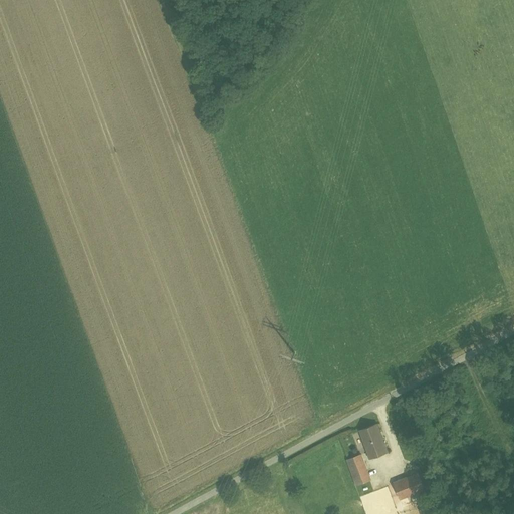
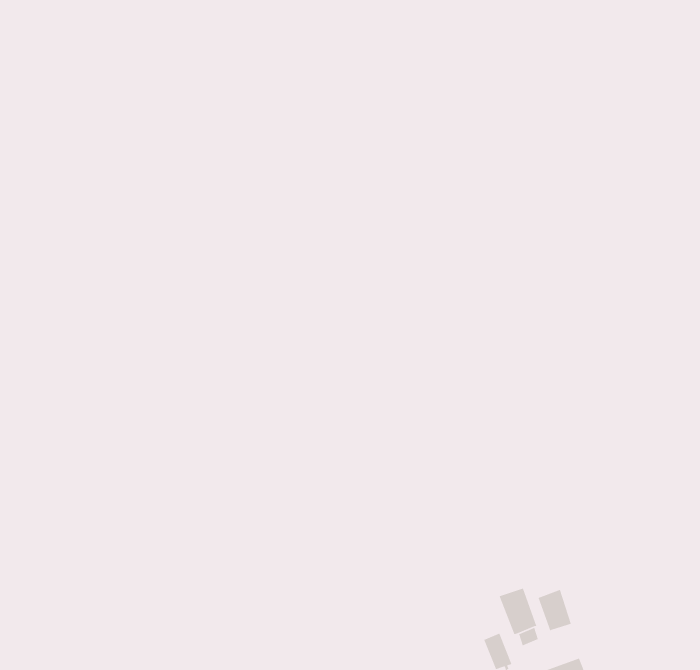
building: none -> [538,589,572,632]

